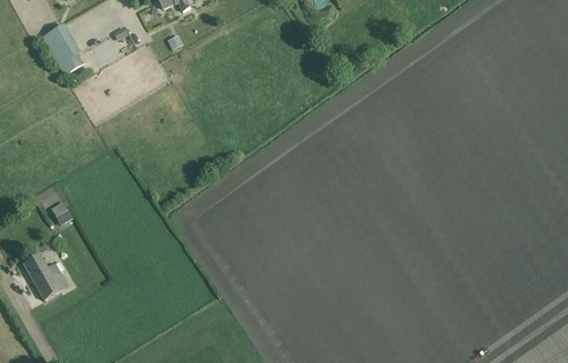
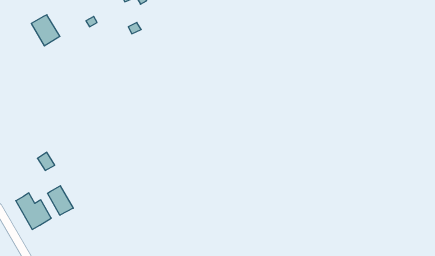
building: none -> [48,186,73,215]

